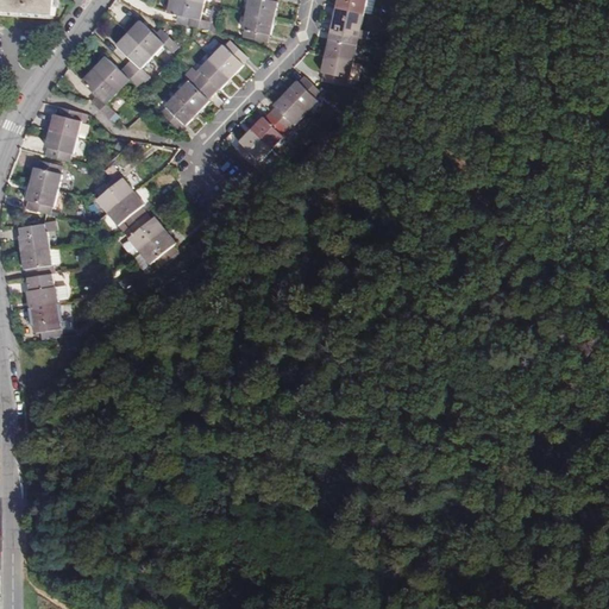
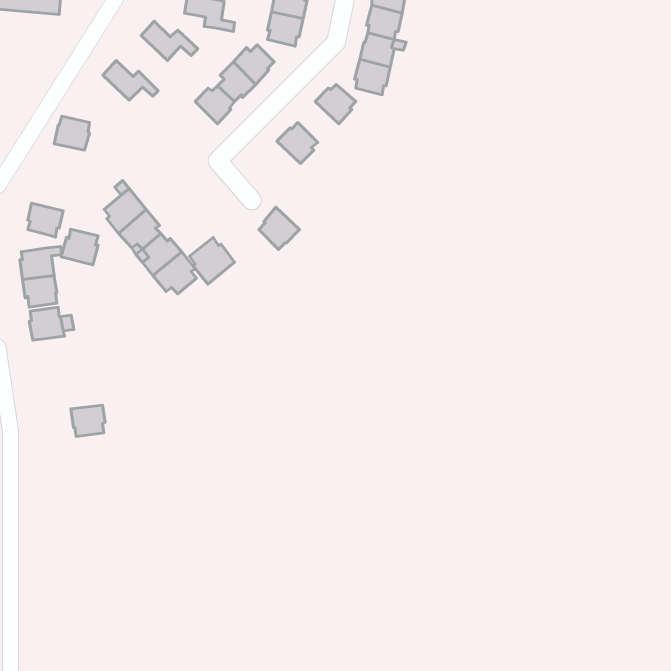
building: [115,32,151,82] -> none
building: [81,68,117,118] -> none
building: [159,92,196,128] -> none
building: [269,92,306,128] -> none
building: [234,127,271,165] -> [259,207,300,249]
building: [44,130,76,159] -> none
building: [29,158,62,190] -> [61,229,98,265]
building: none -> [190,238,235,284]
building: [30,303,61,332] -> [71,405,105,437]

